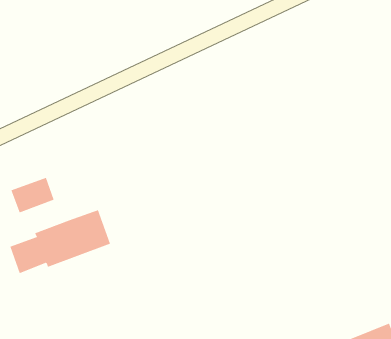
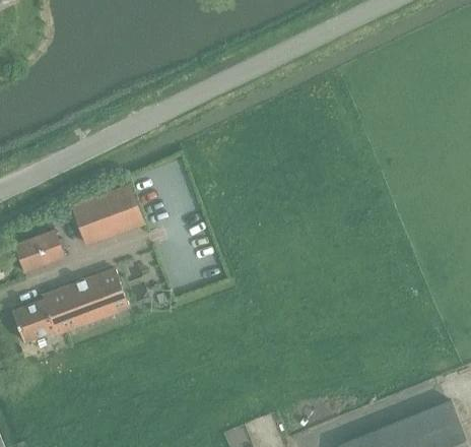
building: none -> [72,186,143,245]

